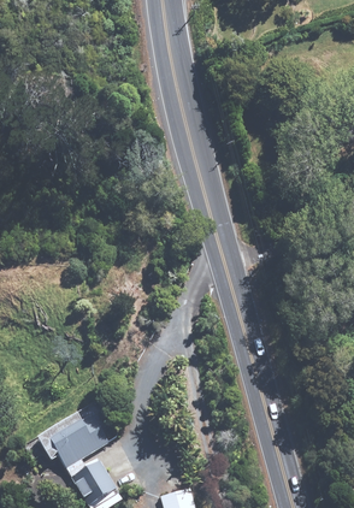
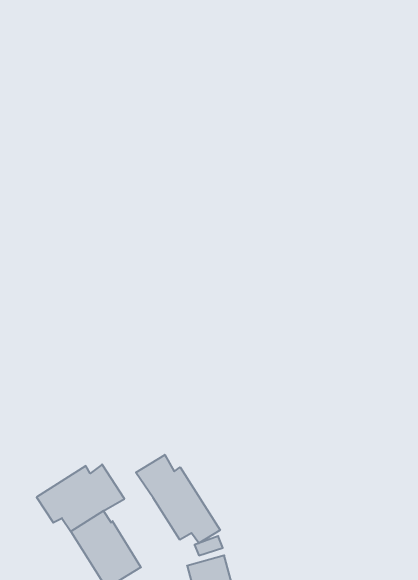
building: none -> [136,455,220,543]

